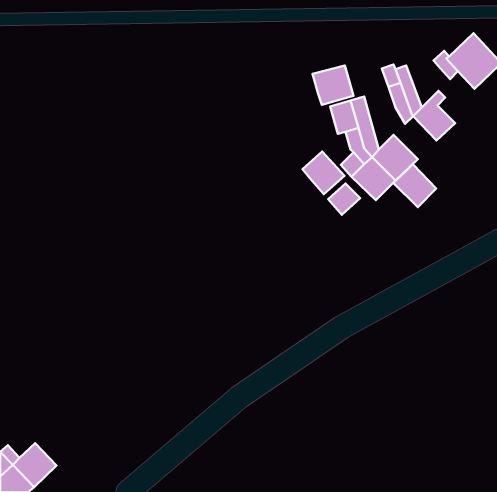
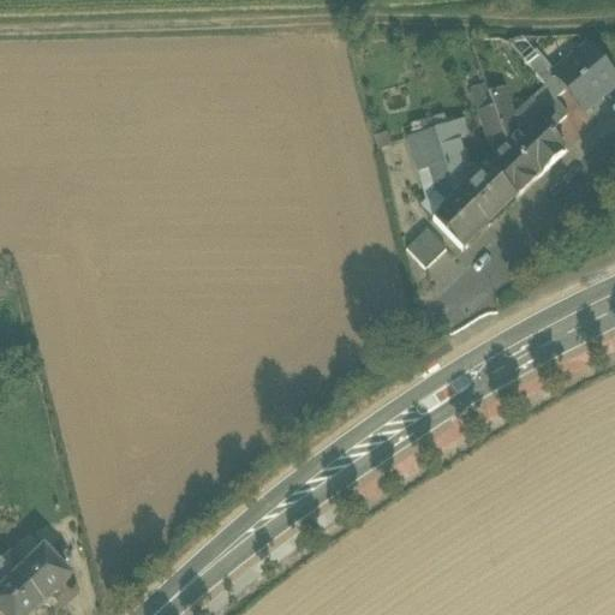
building: [312,66,353,105] -> none
building: none -> [530,84,571,126]
building: [303,152,344,194] -> none
building: [393,164,436,207] -> [486,143,539,196]

